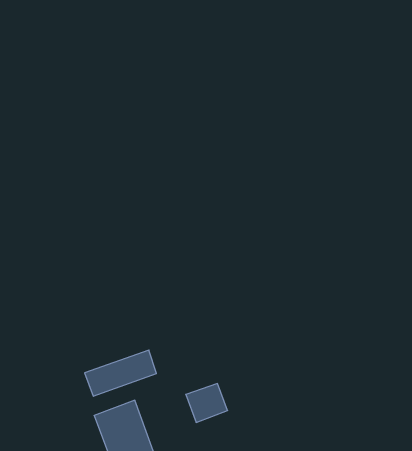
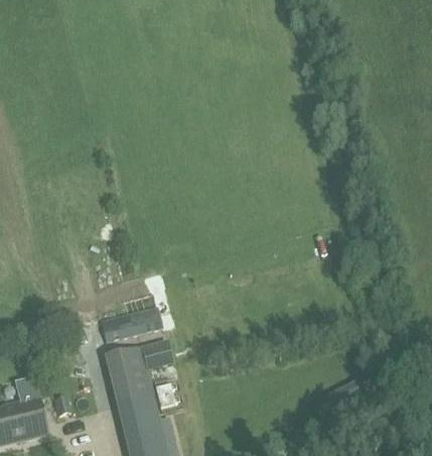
building: [186,384,228,422] -> [141,339,174,369]

